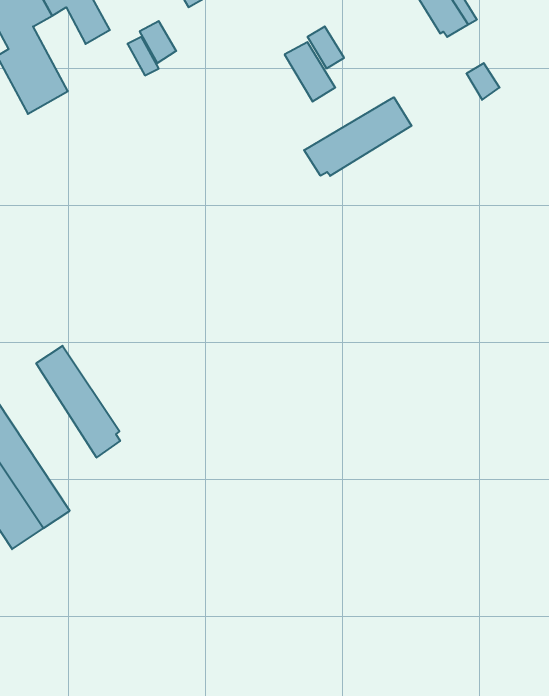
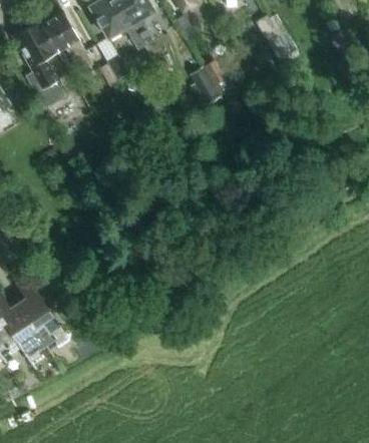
building: [304,97,412,176] -> none
building: [36,346,120,458] -> none

